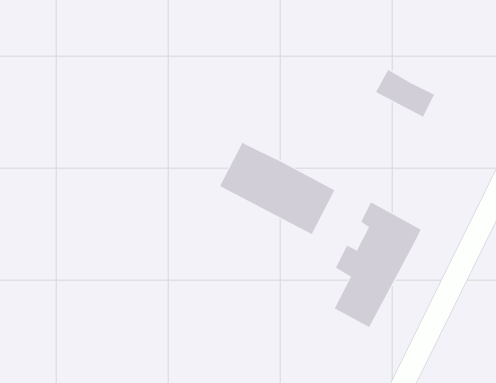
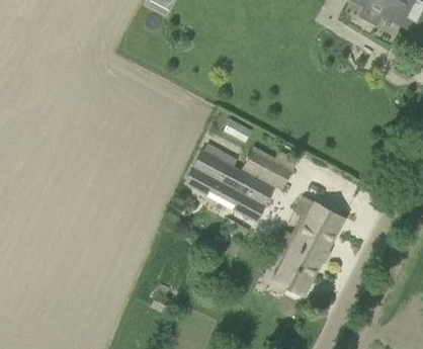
building: [375,69,435,118] -> [244,149,291,187]

